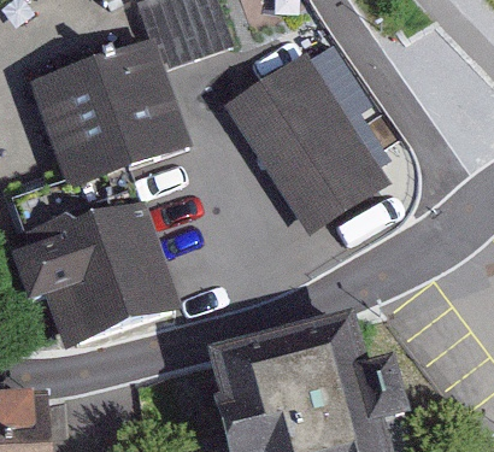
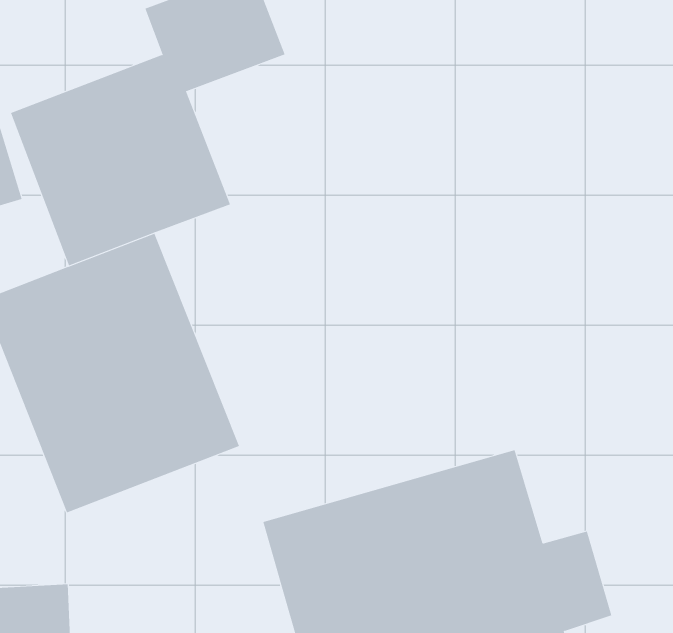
building: [230,49,388,233] -> none

